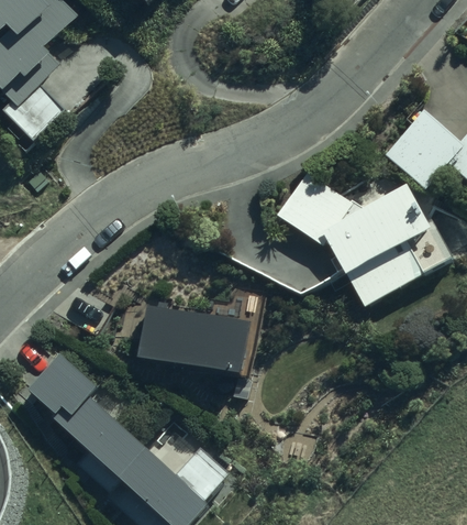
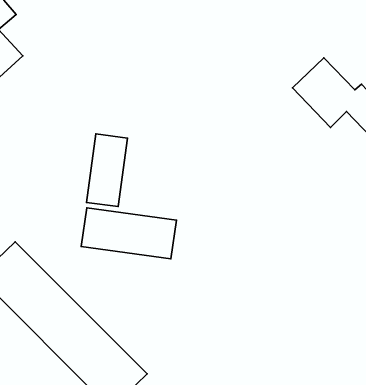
building: [275,169,449,310] -> none
building: none -> [86,134,127,206]

